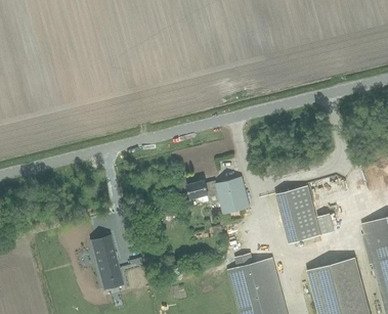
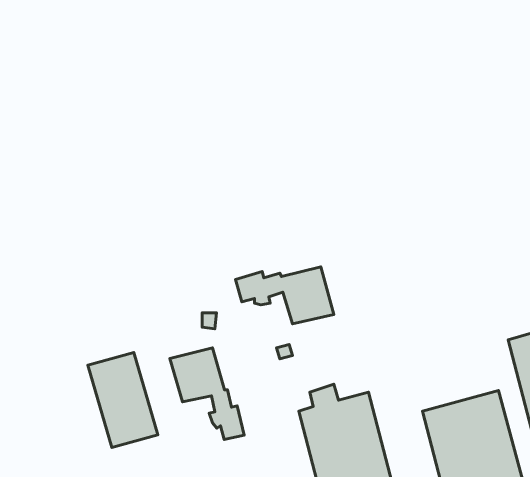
building: [275,185,320,242] -> none
building: none -> [170,348,244,439]

